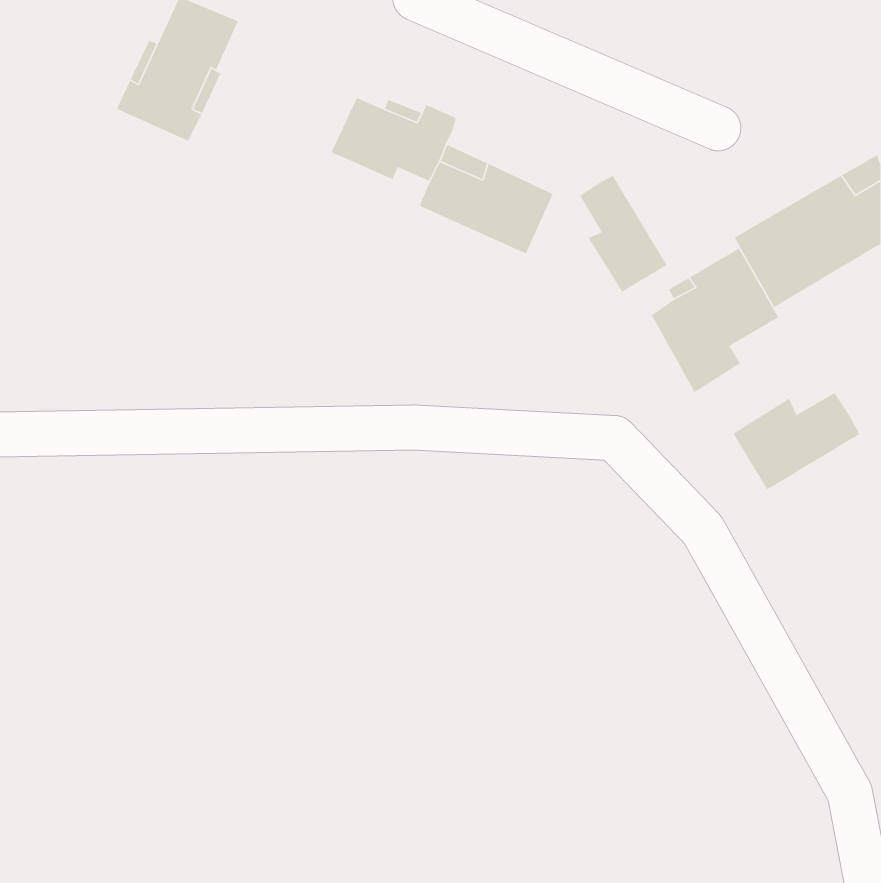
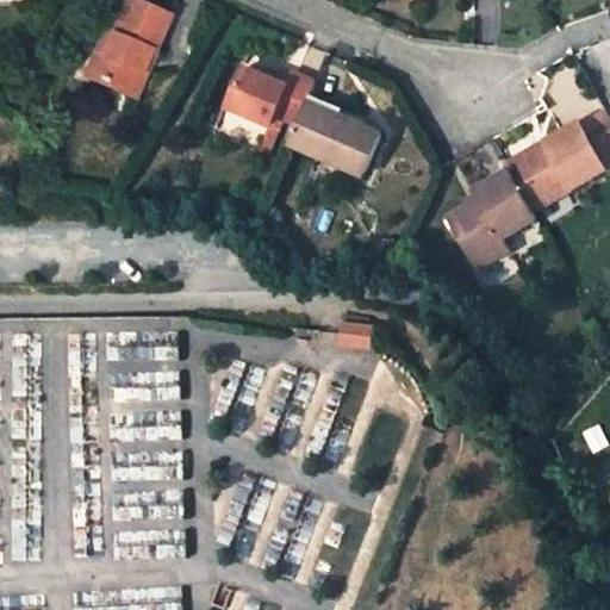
building: [579,175,667,293] -> none
building: [732,392,861,490] -> none

